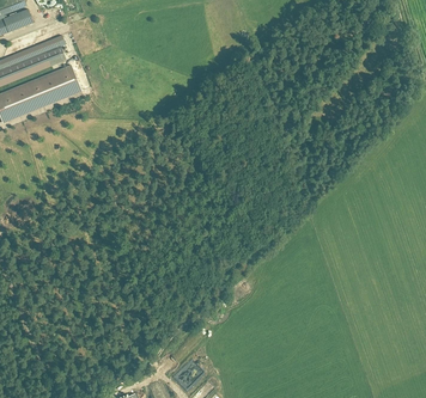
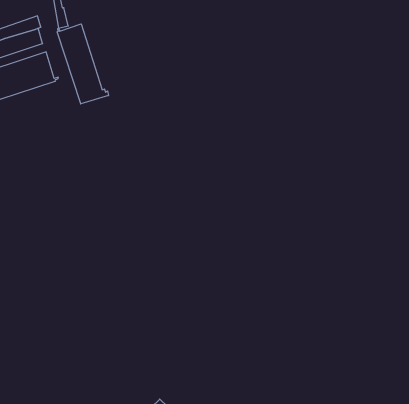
building: none -> [57,24,108,104]

